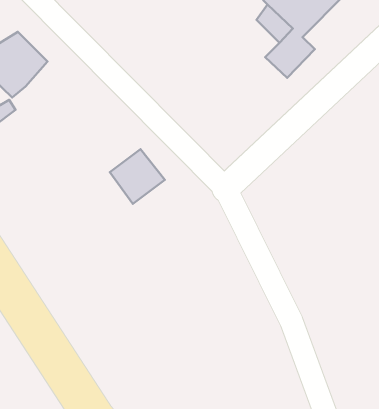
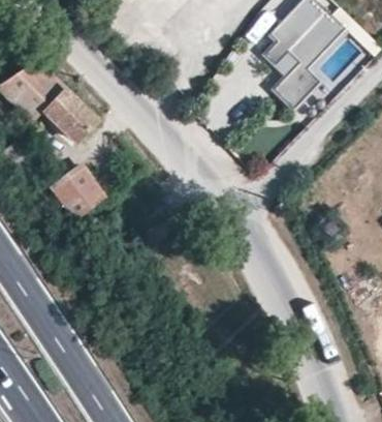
building: none -> [46,90,100,145]
building: [110,149,165,204] -> [53,172,104,223]

